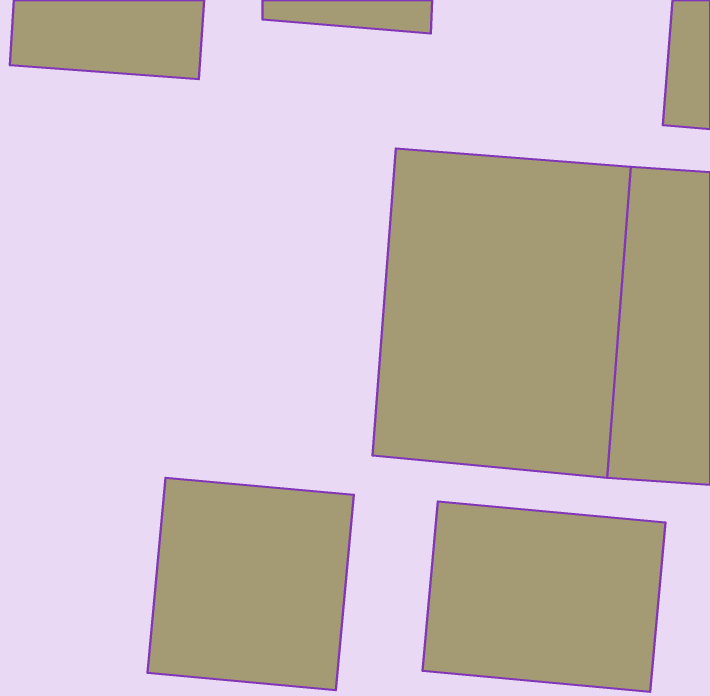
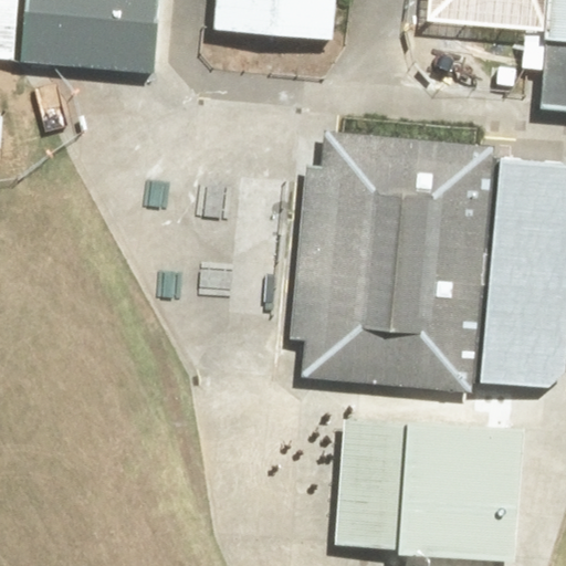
building: [148,478,354,690] -> none

